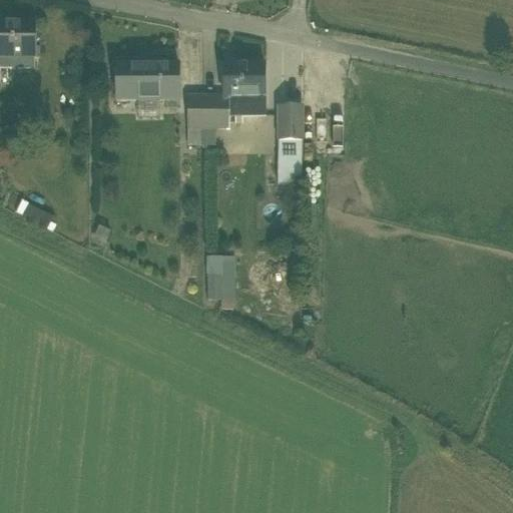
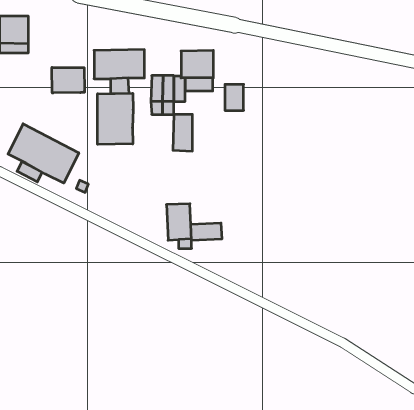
building: none -> [52,67,84,93]
building: none -> [98,93,133,144]
building: [277,136,301,181] -> [173,114,192,151]
building: none -> [8,124,79,183]
building: none -> [191,223,222,240]

